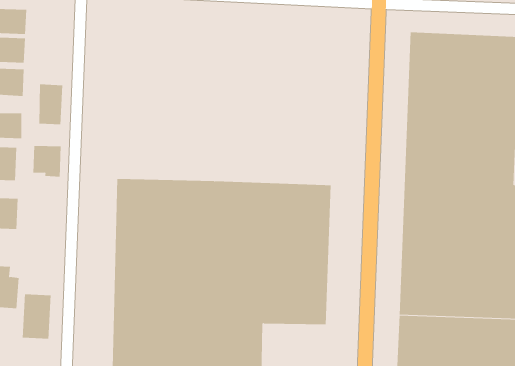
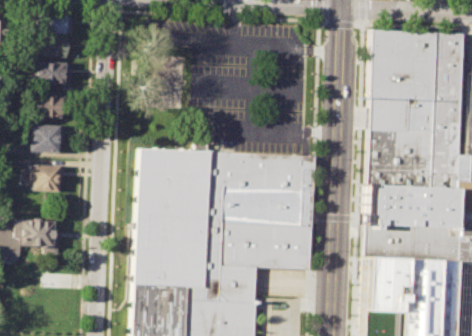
building: [39,84,63,125] -> none
building: [33,145,61,177] -> none
building: [22,294,51,340] -> none

